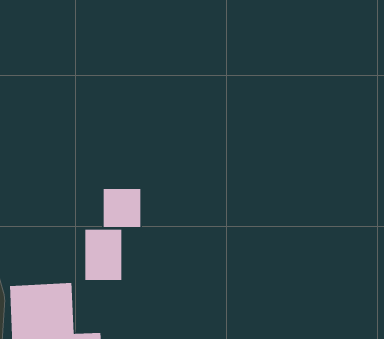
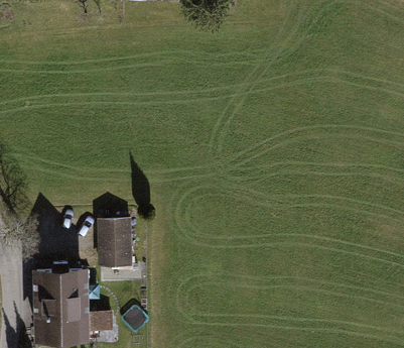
building: [103,188,141,228] -> none

